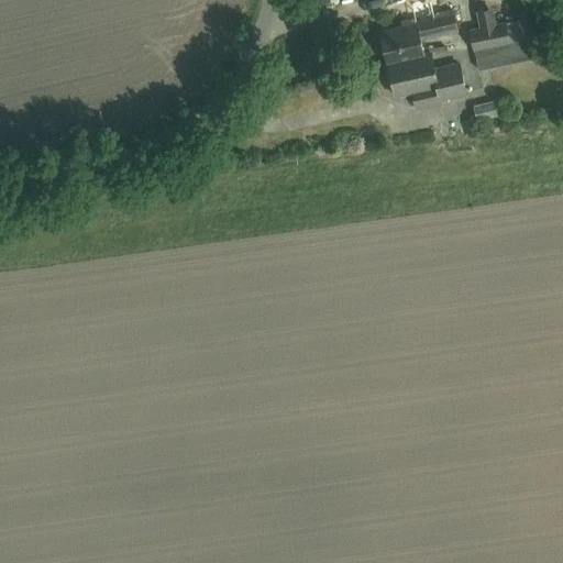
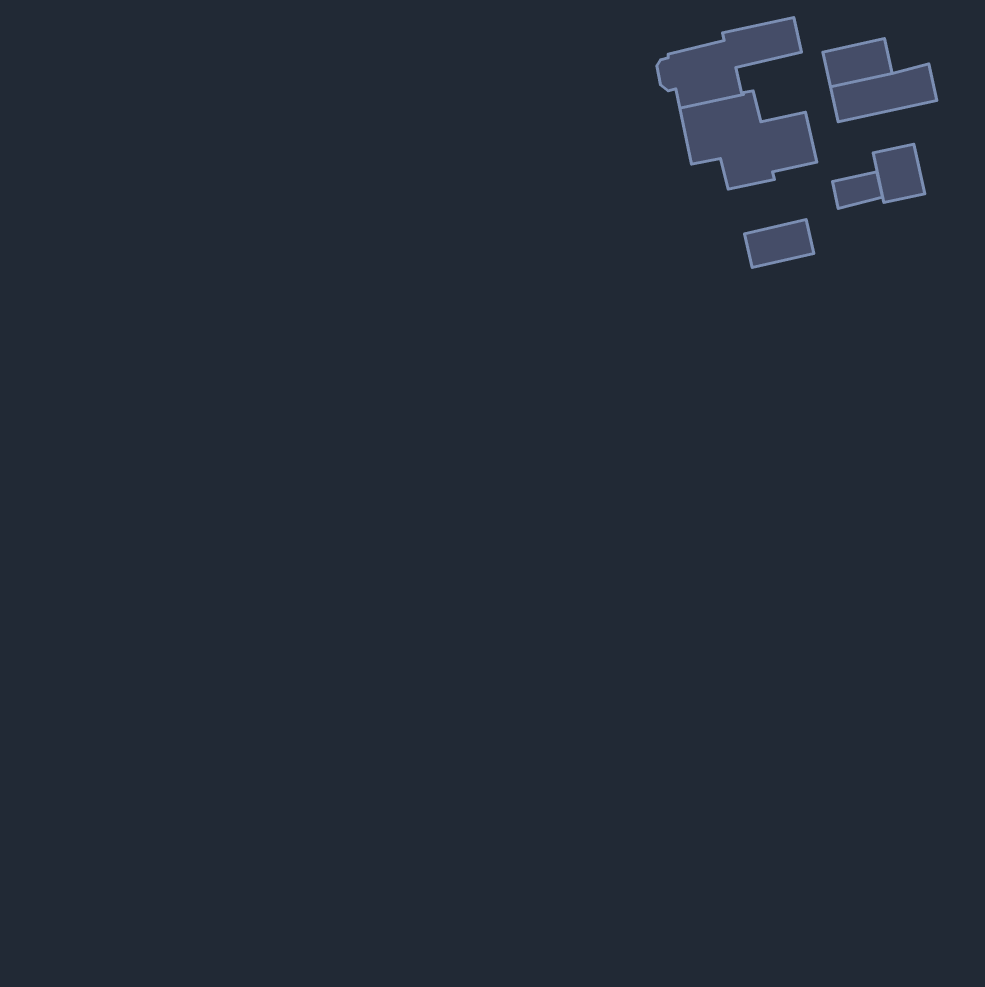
building: none -> [873,144,925,202]
building: none -> [745,220,814,268]

